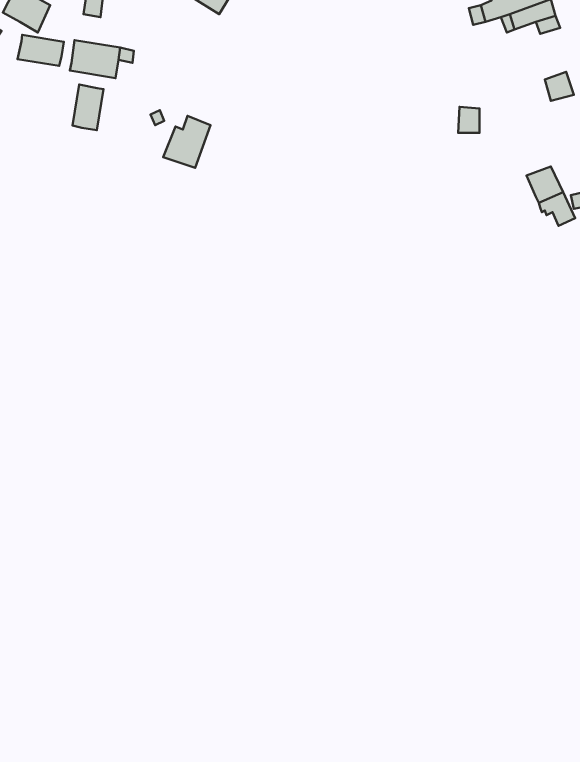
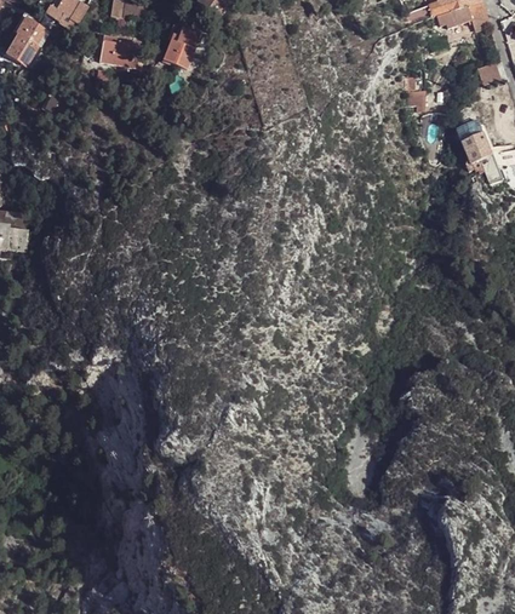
building: [18,35,64,66] -> none
building: [72,85,104,130] -> none
building: [163,116,210,168] -> [161,24,199,65]

